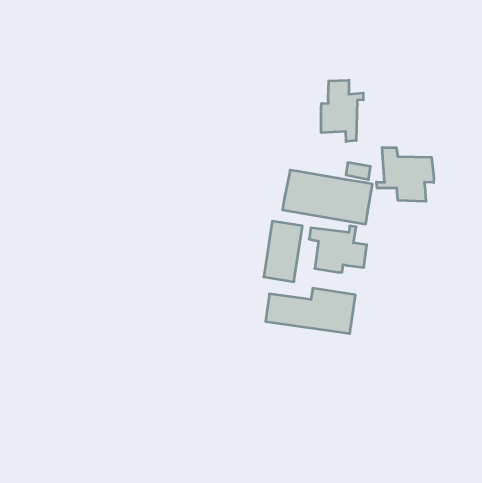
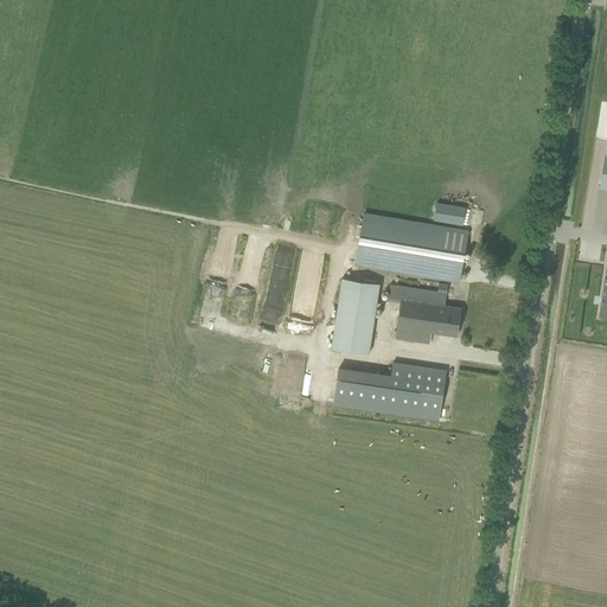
building: [321,80,363,142] -> none
building: [376,147,434,201] -> none

